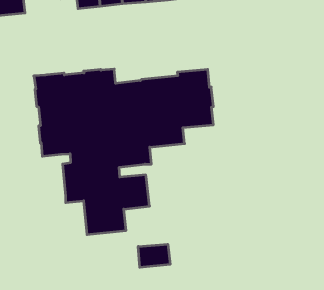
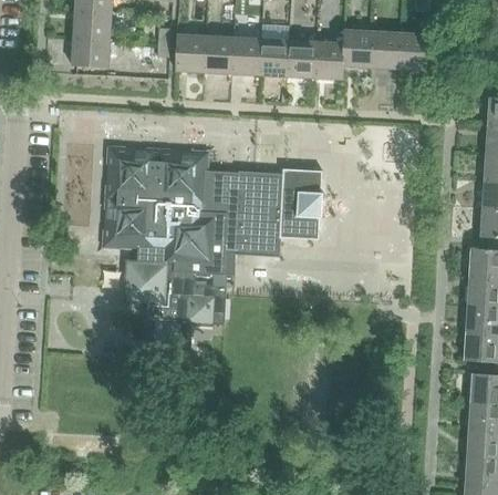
building: [138,244,170,267] -> none

